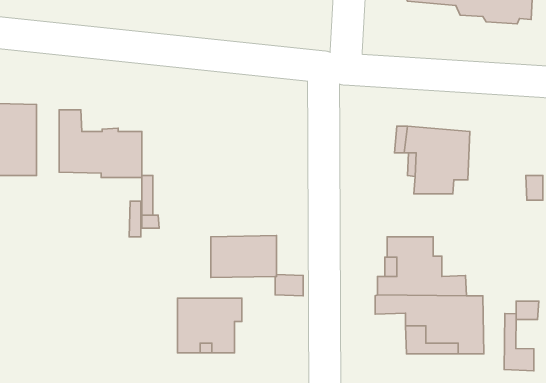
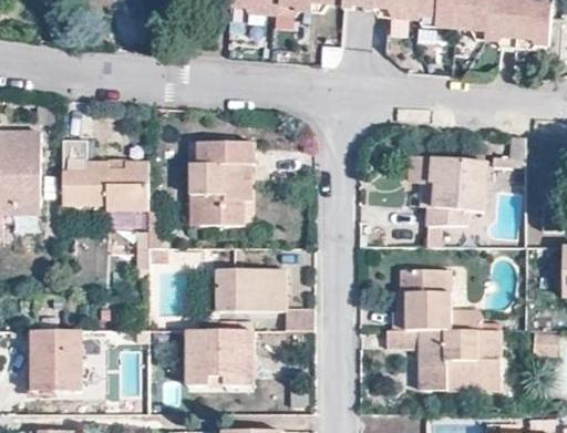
building: none -> [190,140,255,223]
building: none -> [31,329,81,389]
building: [504,314,534,371] -> none

